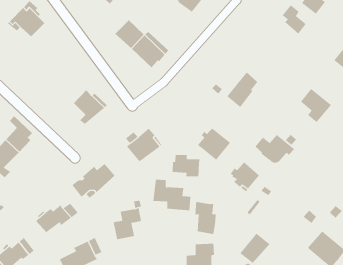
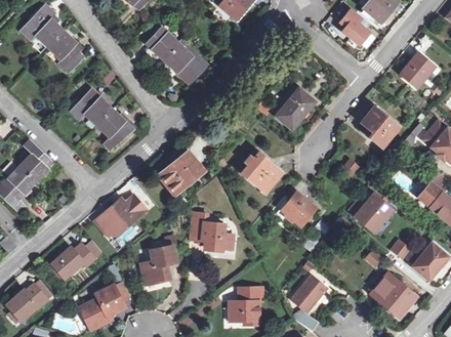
building: none -> [47,32,83,74]
building: none -> [78,91,112,125]
building: [254,134,295,163] -> [347,195,395,228]
building: [172,154,200,177] -> none
building: [195,201,216,235] -> none

